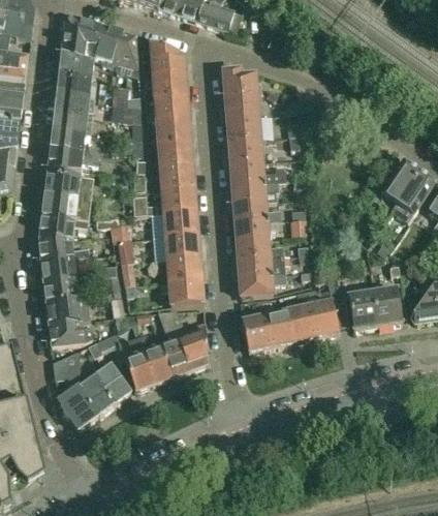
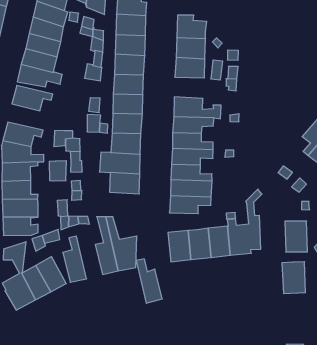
building: [226,136,261,162] -> none
building: [41,192,86,218] -> none
building: [159,278,202,304] -> none
building: [346,290,377,329] -> [282,262,305,294]
building: [135,332,170,383] -> [136,259,162,303]

